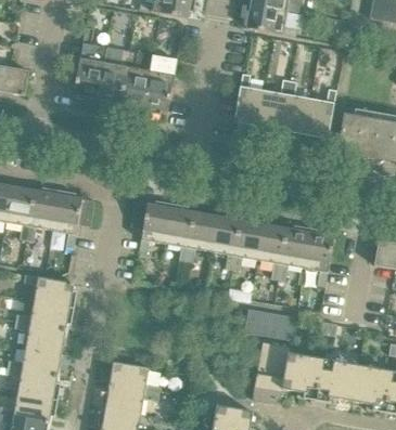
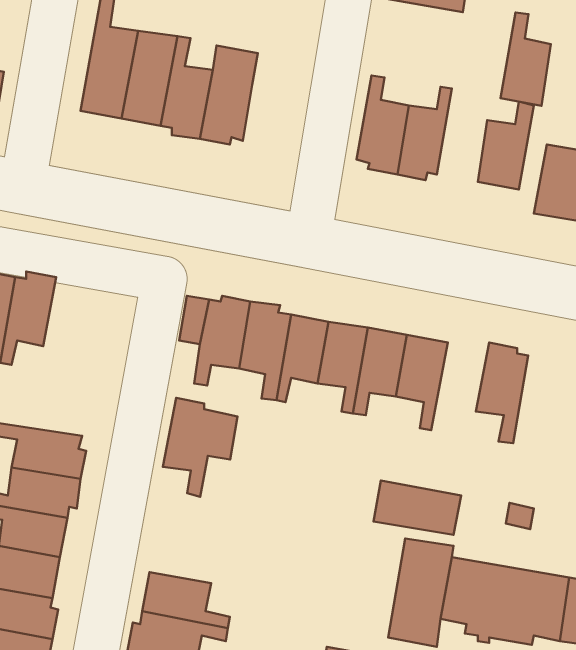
building: [280,79,309,133] -> [501,12,551,106]
building: [51,188,94,246] -> [163,398,238,497]
building: [277,223,310,279] -> none

